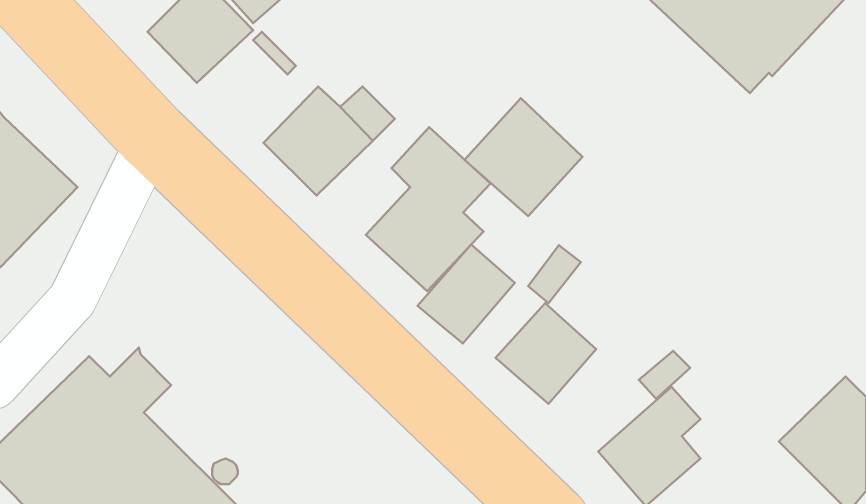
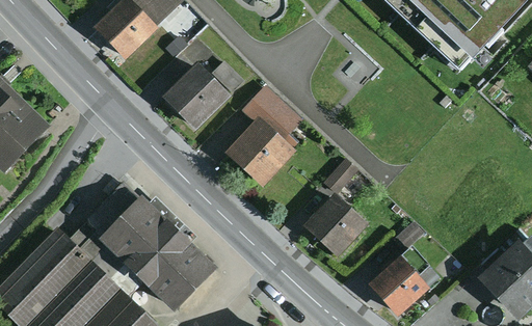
building: [464,98,583,216] -> none
building: [417,245,515,344] -> none
building: none -> [87,183,215,308]

